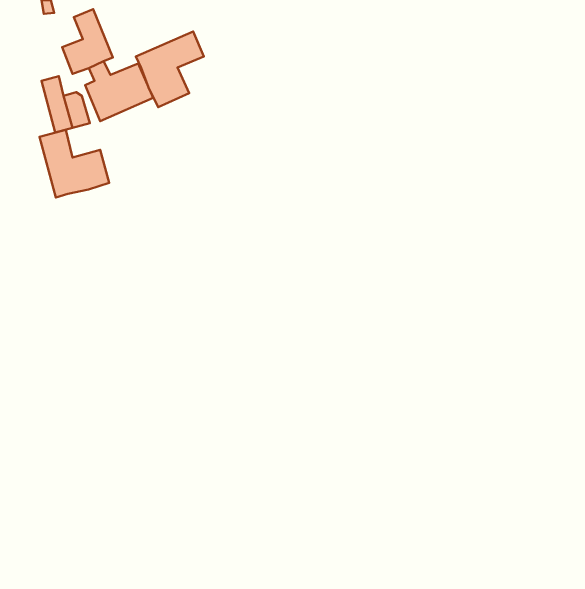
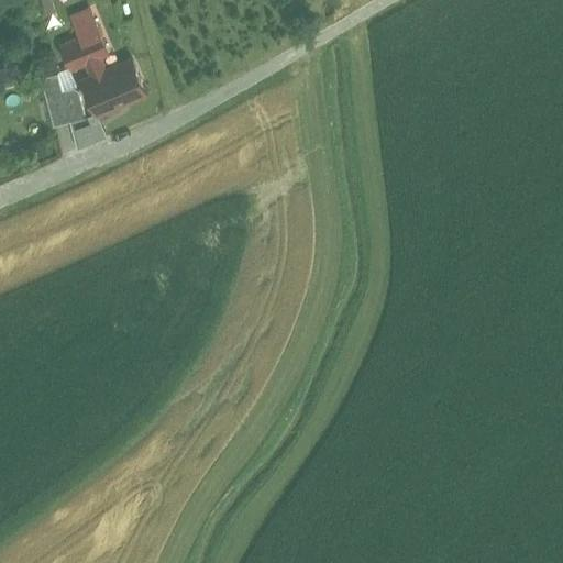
building: [136,32,204,107] -> none
building: [39,130,109,197] -> none

